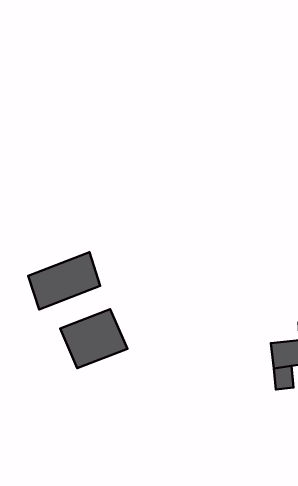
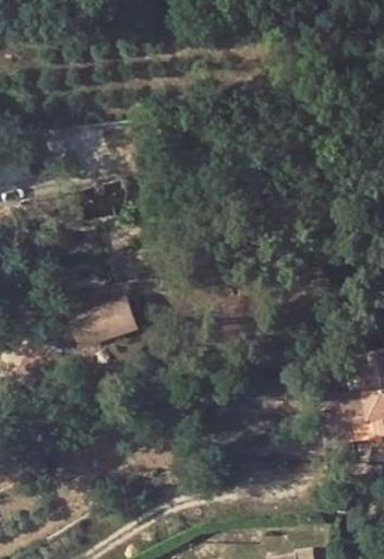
building: [60,309,127,368] -> none

